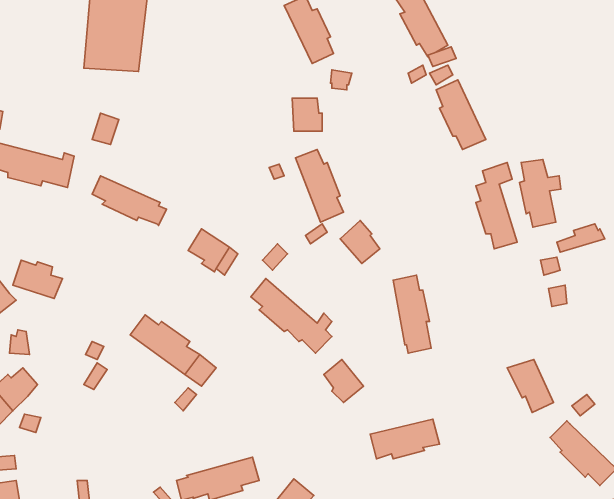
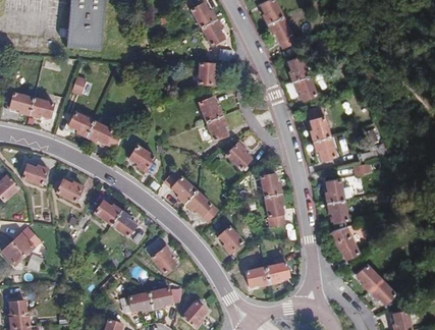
building: [520,159,561,227] -> [323,177,348,219]
building: none -> [57,178,89,204]
building: none -> [150,240,177,272]

